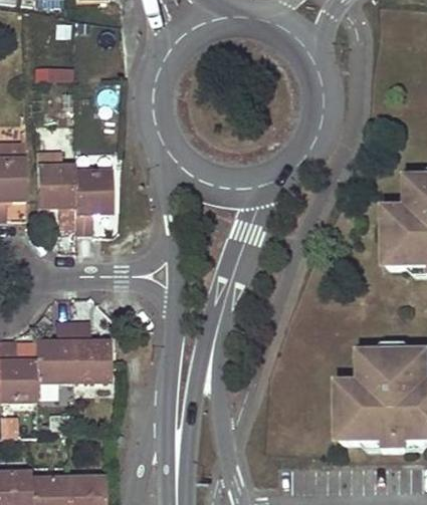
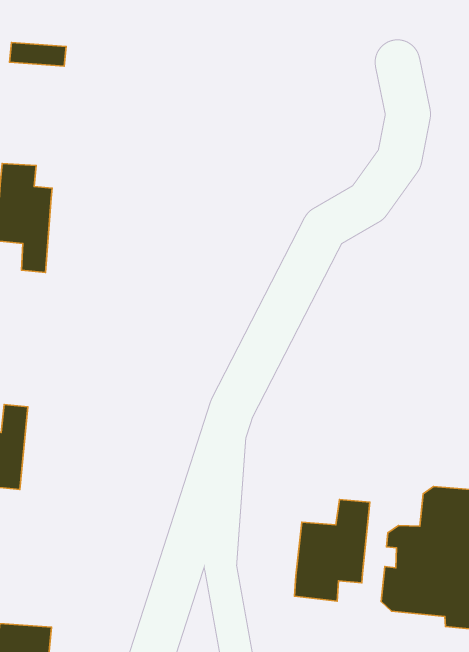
building: [73,170,112,230] -> none
building: [71,320,109,380] -> none
building: none -> [294,499,370,601]

